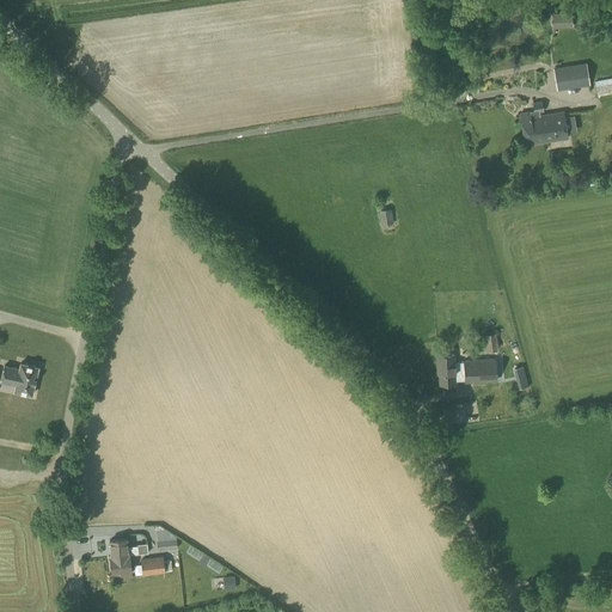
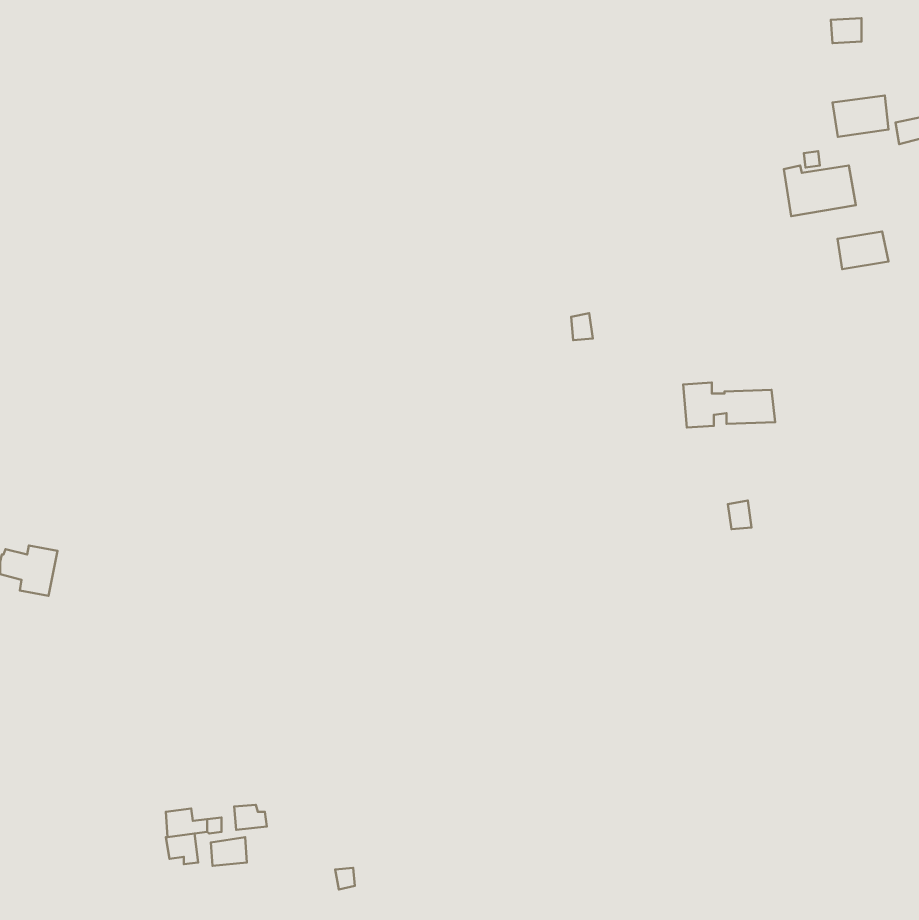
building: none -> [838,231,888,269]
building: [437,354,498,384] -> [683,383,775,428]

